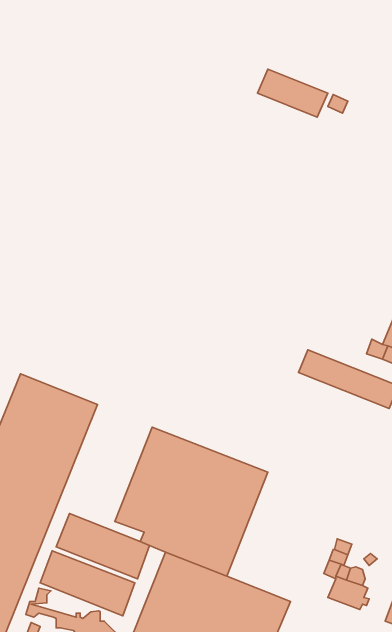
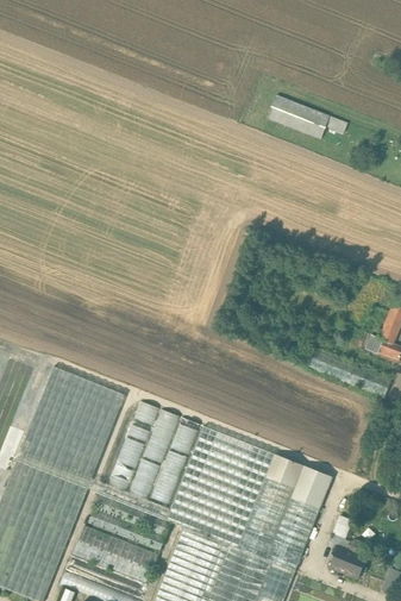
building: none -> [100,400,173,500]
building: none -> [239,456,334,571]

